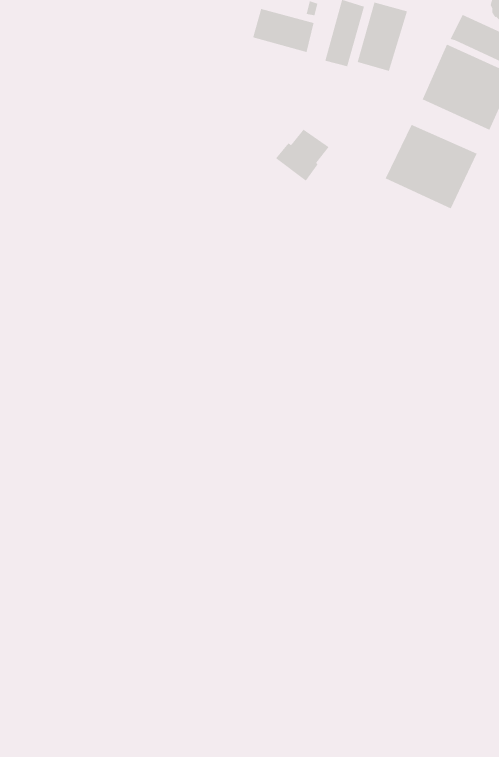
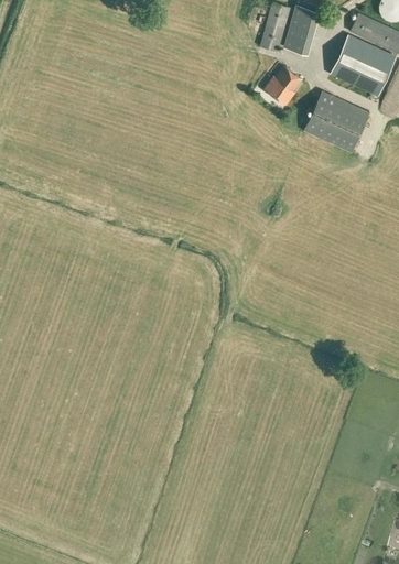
building: [252,8,314,53] -> none
building: [275,129,329,181] -> [263,67,302,105]

